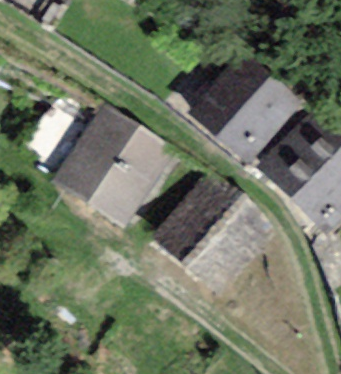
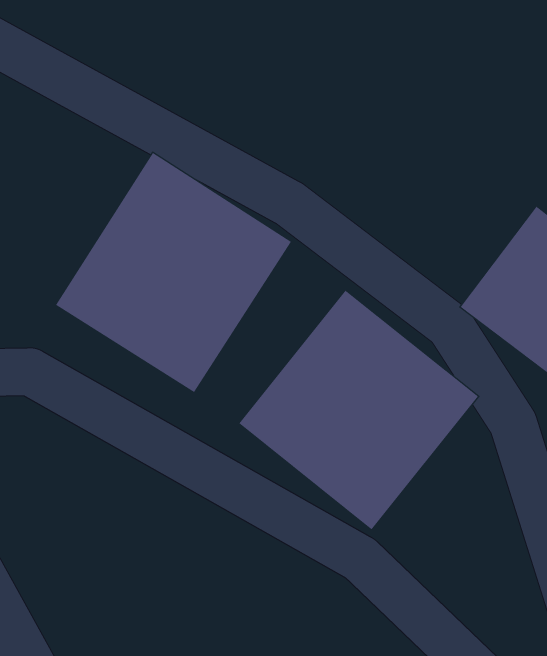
building: [196,54,301,159] -> none

